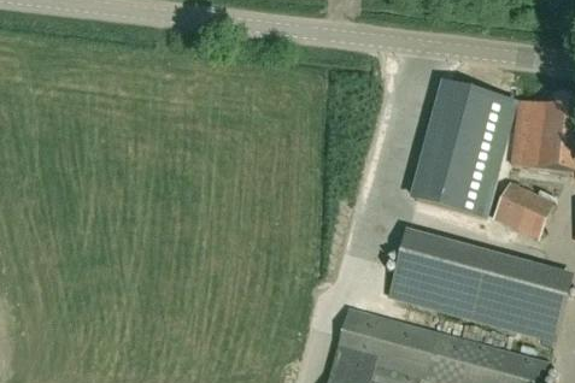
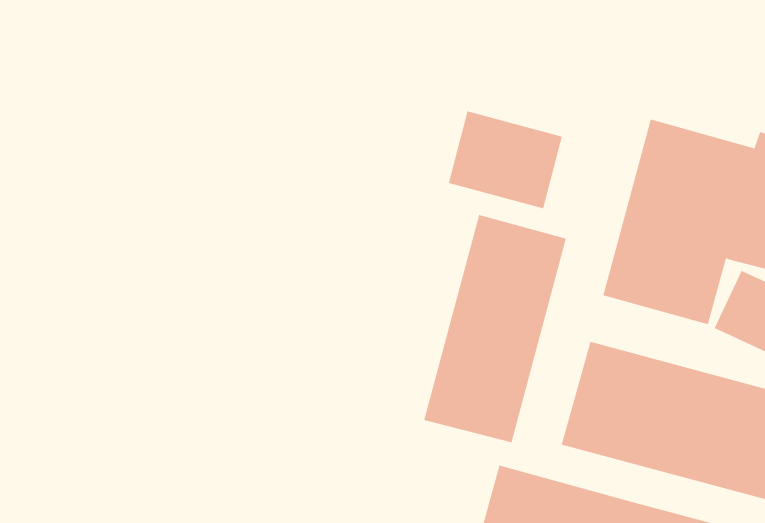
building: none -> [448,110,563,209]
building: none -> [423,214,566,443]

